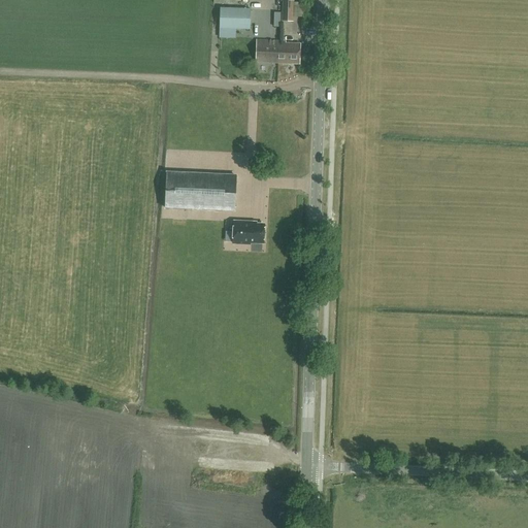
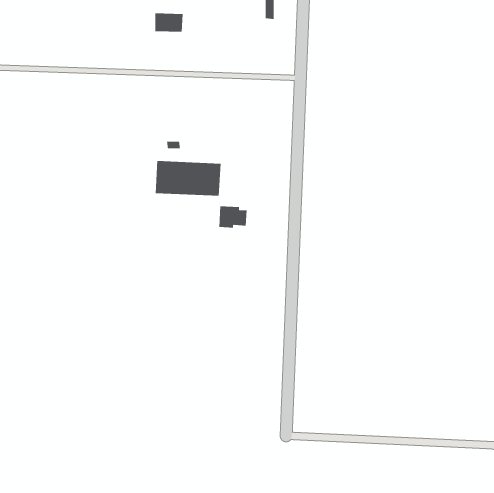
building: [220,6,251,27] -> [155,13,184,32]
building: [256,39,300,62] -> none

